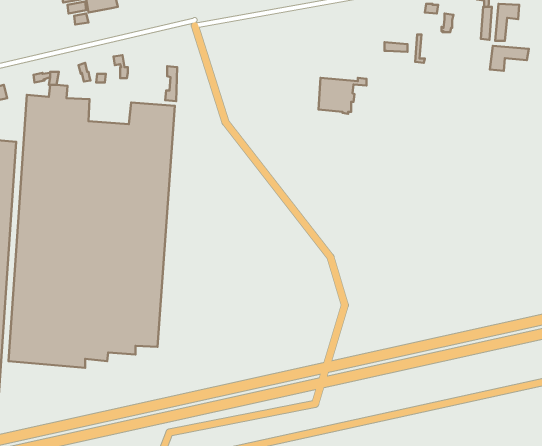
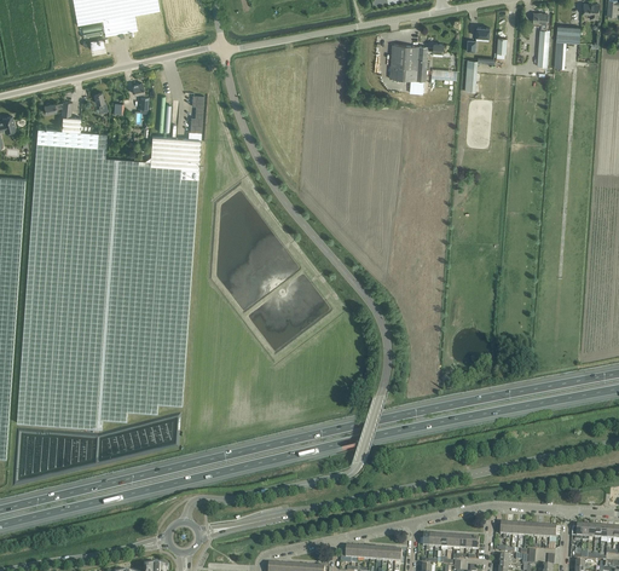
building: [490,46,529,71] -> none
building: [318,78,367,114] -> [389,44,442,83]

